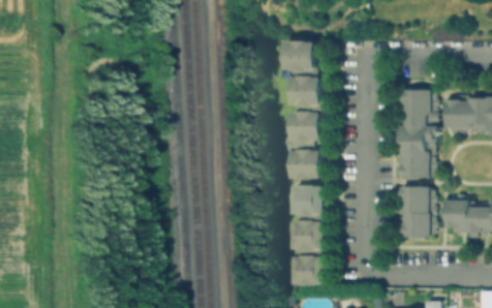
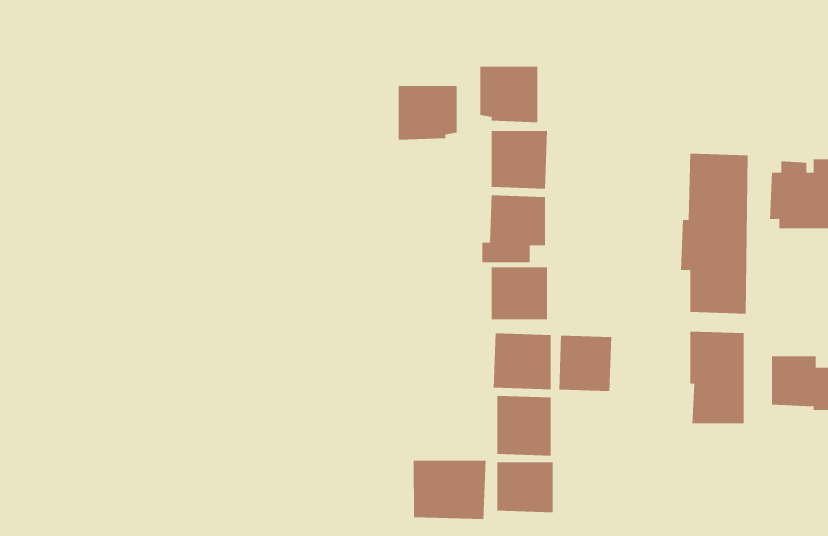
building: none -> [398,85,457,141]
building: none -> [559,335,612,392]
building: none -> [413,460,486,520]

